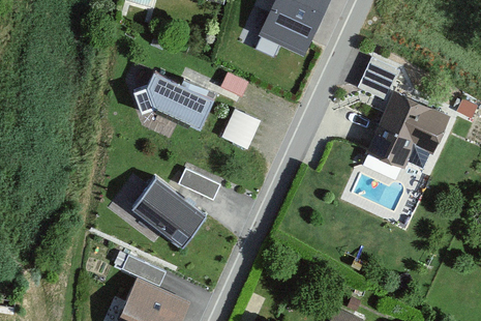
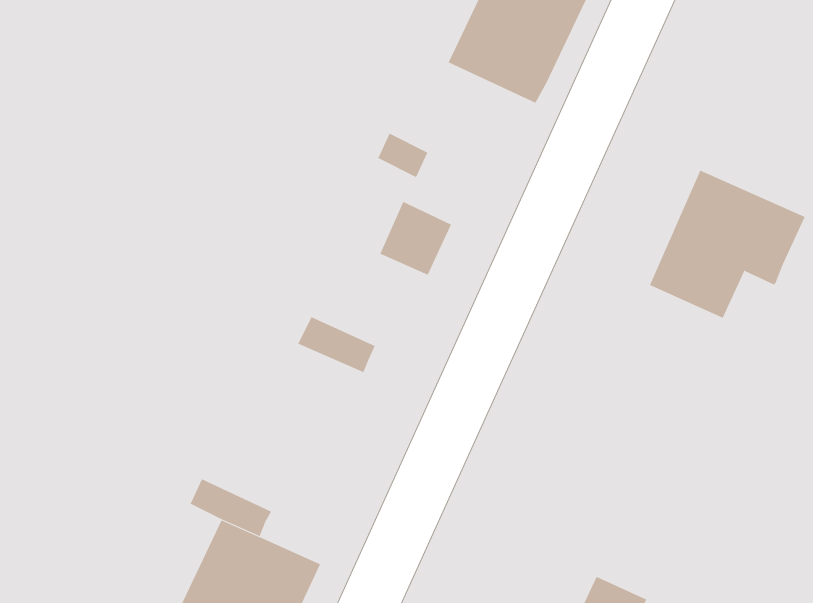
building: [357,56,399,99] -> none
building: [132,70,213,129] -> none
building: [130,176,206,245] -> none

